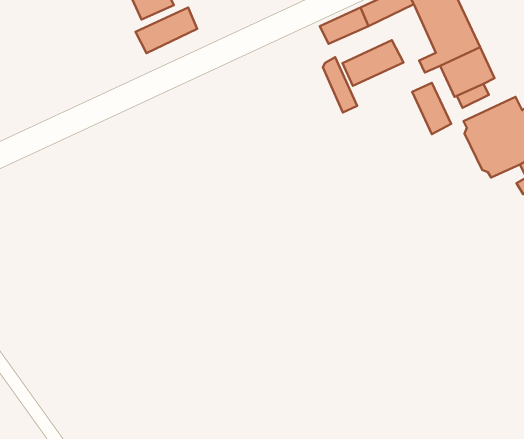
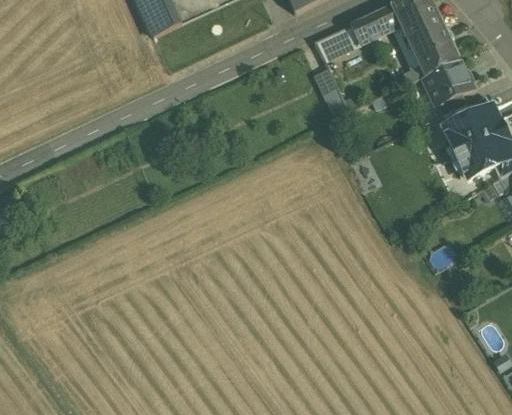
building: [136,7,197,53] -> none
building: [343,40,404,86] -> none
building: [412,83,451,134] -> none

